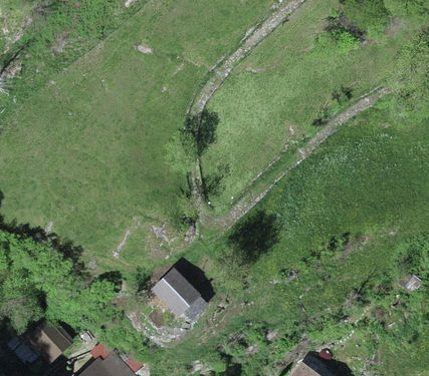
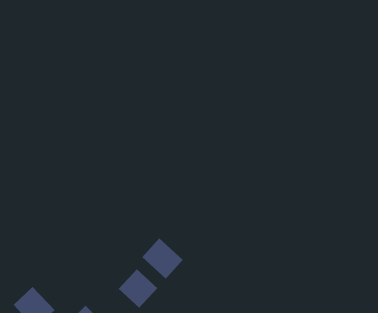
building: none -> [118,268,158,309]

